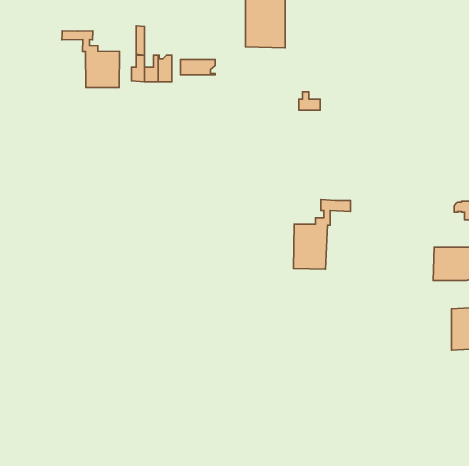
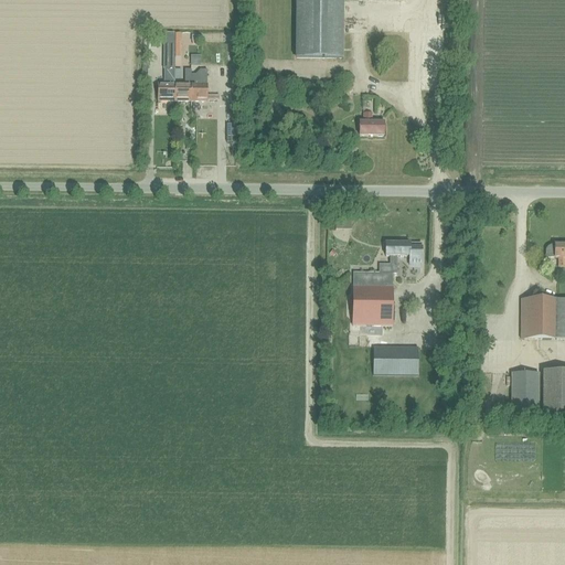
building: [62,31,120,88] -> none
building: [181,59,215,75] -> none
building: none -> [373,345,418,373]
building: none -> [511,371,540,418]

